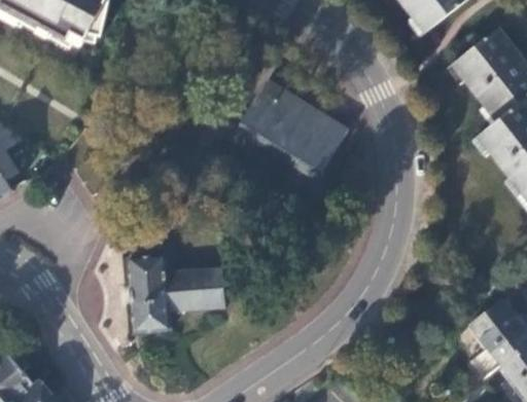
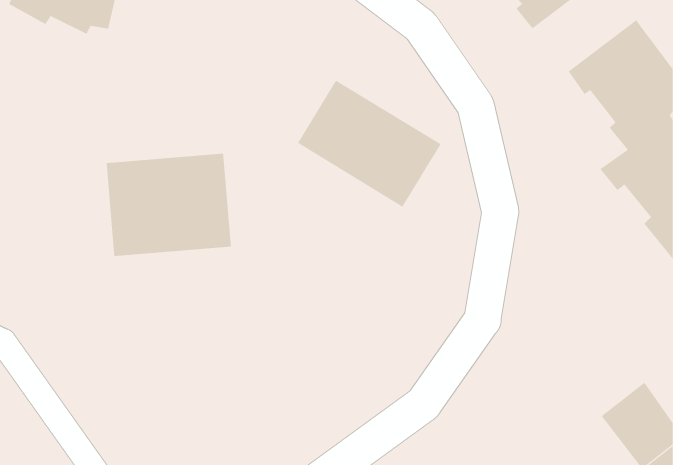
building: none -> [106,153,231,257]
building: [130,256,226,332] -> none

